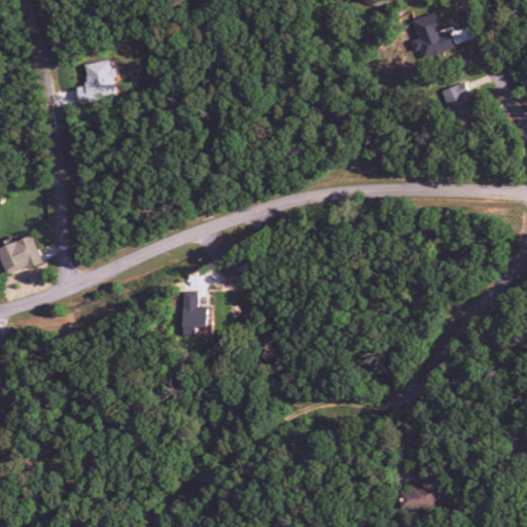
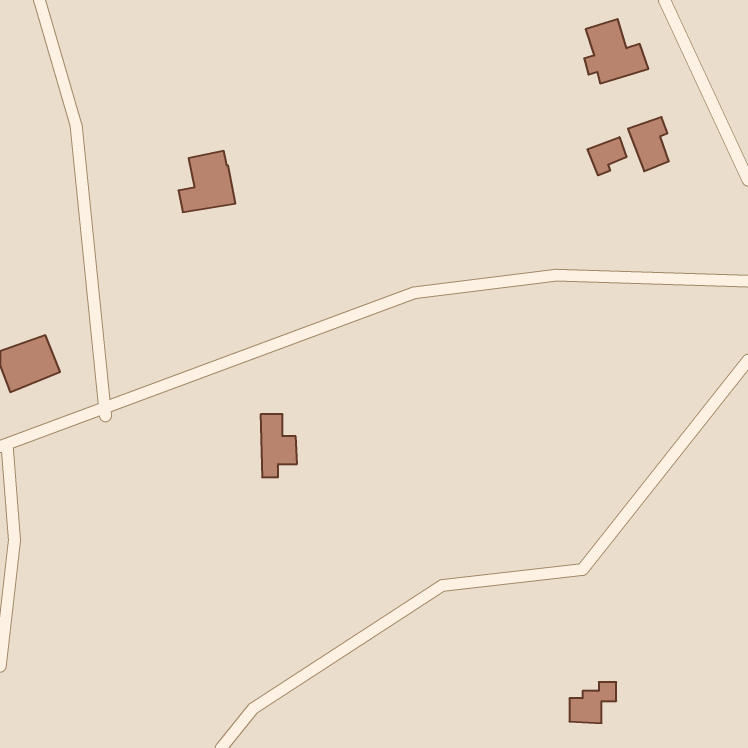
building: [77,60,117,103] -> [178,151,235,212]
building: none -> [587,137,626,175]

